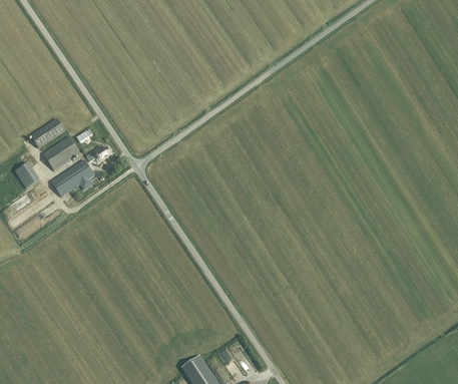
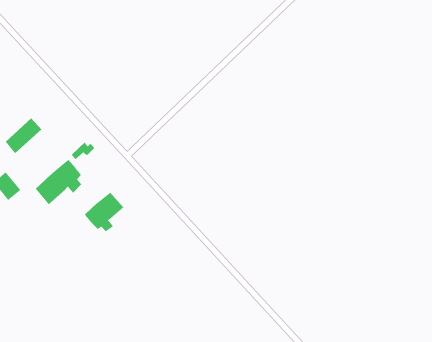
building: [42,135,80,169] -> none
building: none -> [84,192,124,232]

